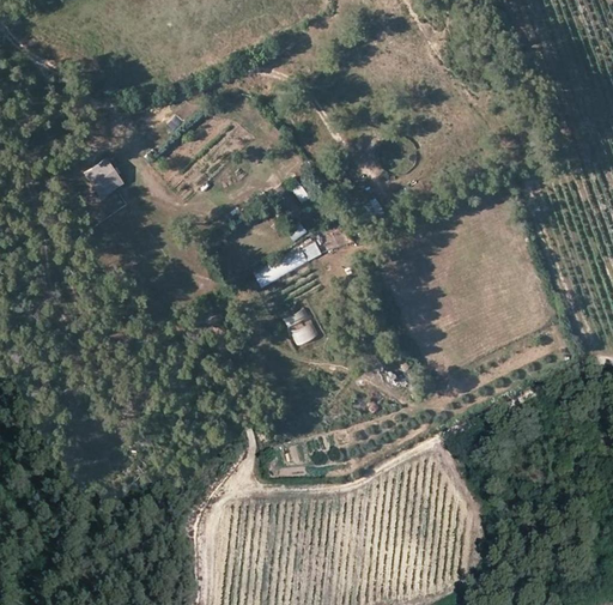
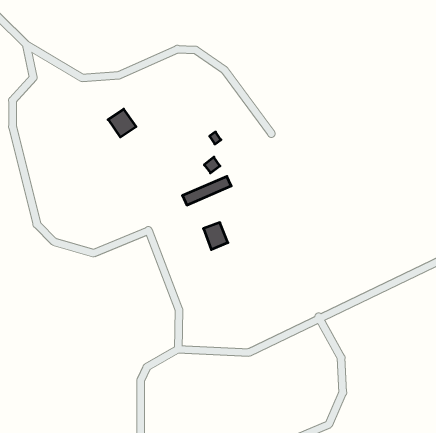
building: [84,158,122,196] -> [108,109,136,137]

